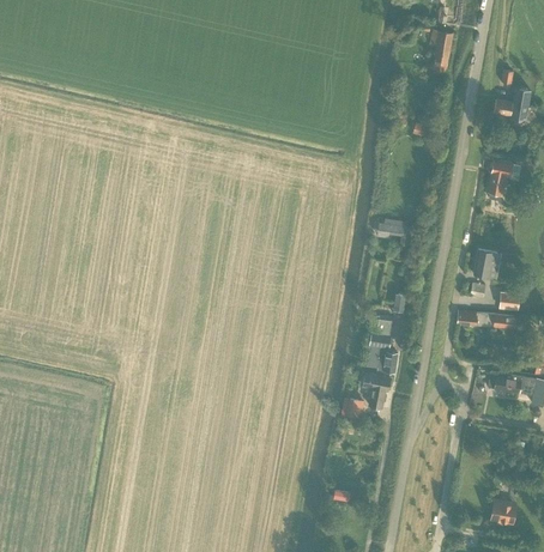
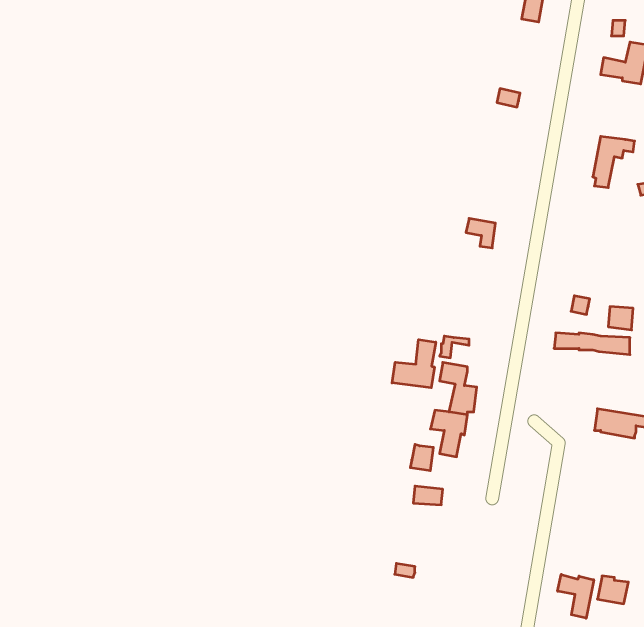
building: [472,249,497,279] -> none
building: none -> [392,340,436,388]
building: none -> [558,574,594,618]

